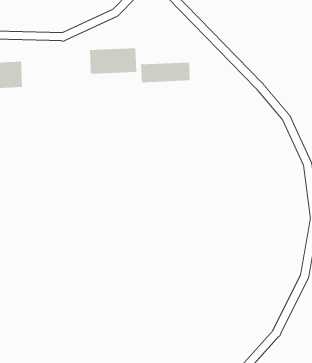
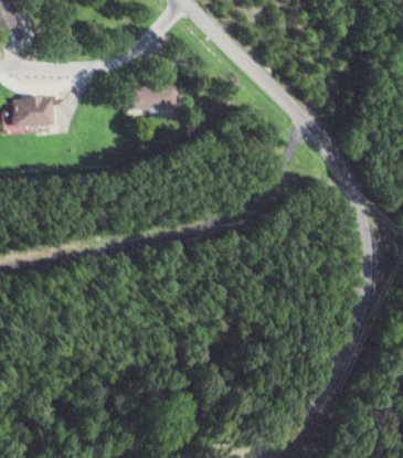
building: [141,62,190,83] -> none

